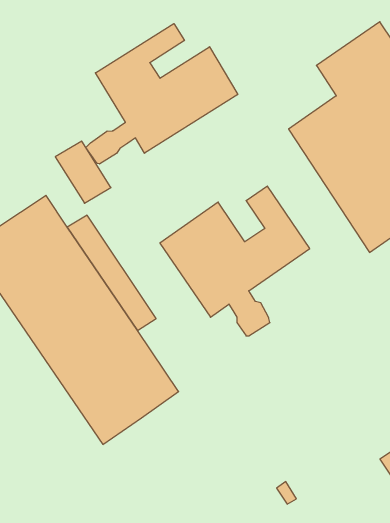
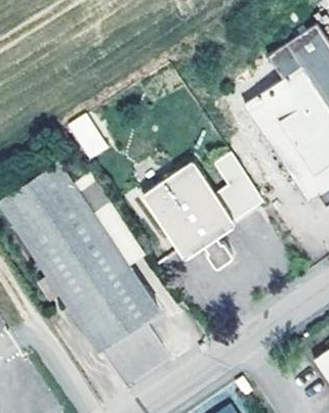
building: [86,24,238,164] -> none

